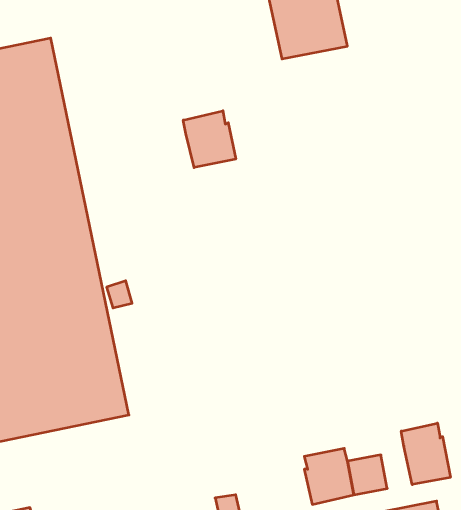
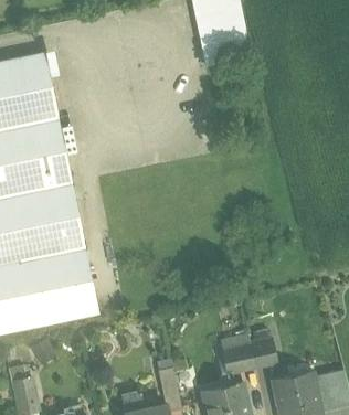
building: [183,111,236,168] -> none
building: [401,423,450,485] -> none

